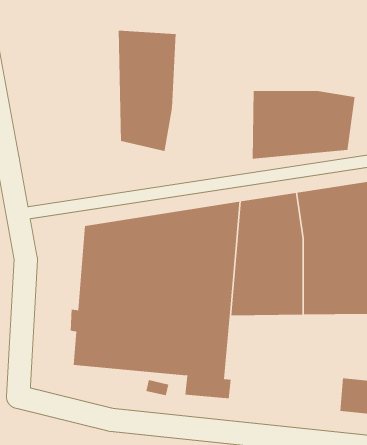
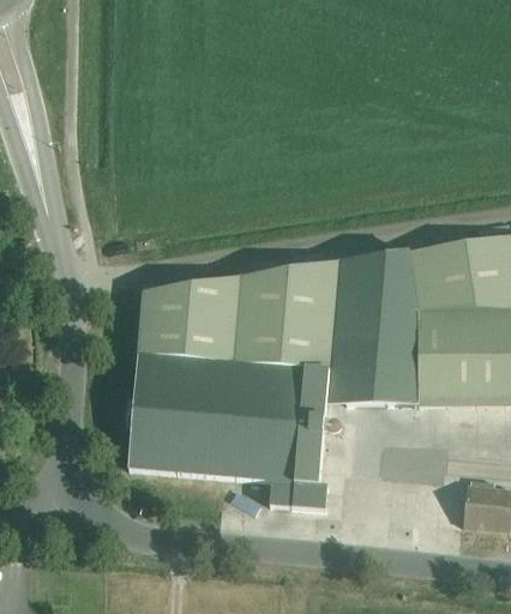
building: [118,30,176,152] -> none
building: [252,90,355,160] -> none

